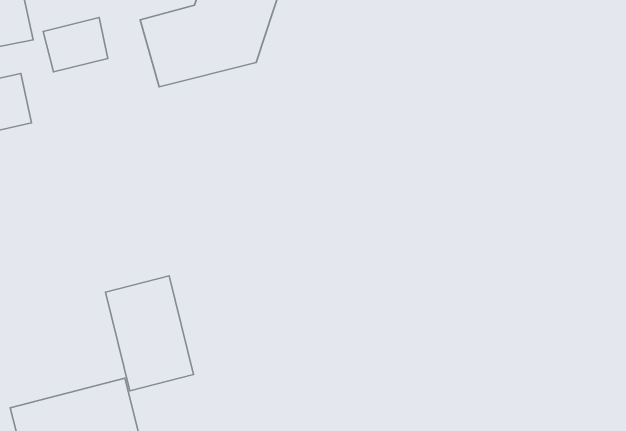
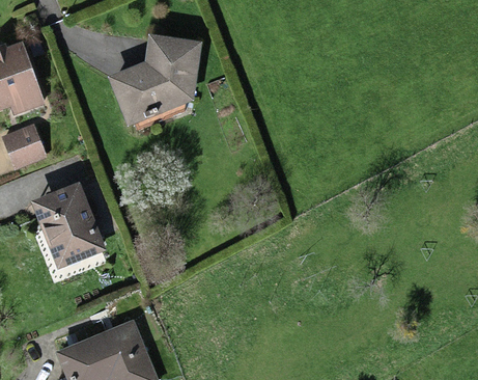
building: [43,17,108,72] -> none
building: [106,276,193,391] -> [35,187,102,268]

